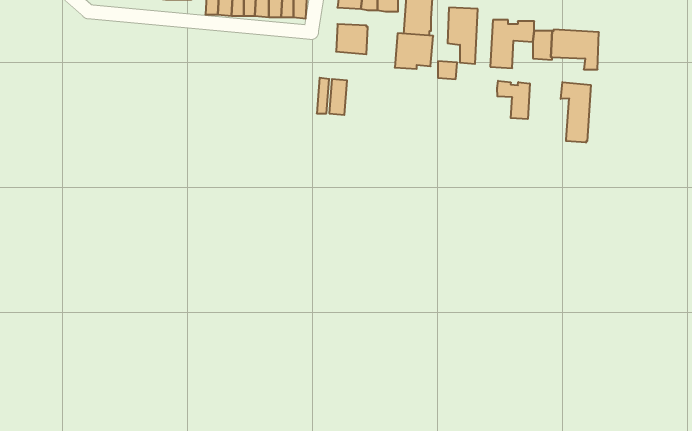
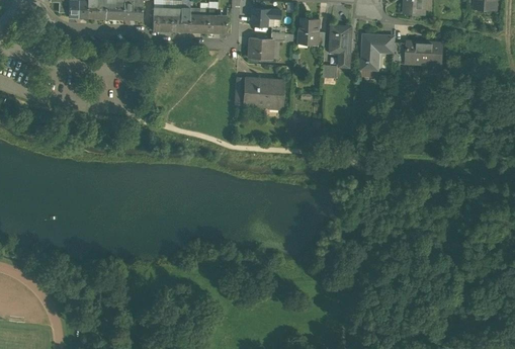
building: [395,33,433,69] -> [254,79,282,105]
building: [497,81,530,119] -> none
building: [561,82,591,143] -> none

